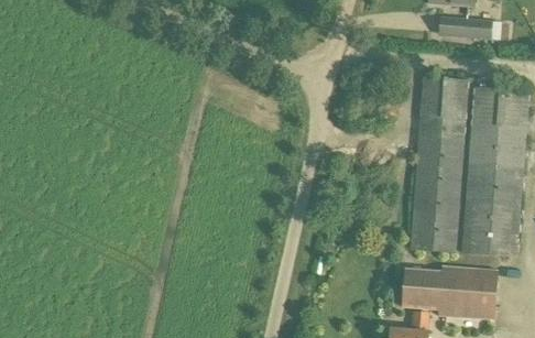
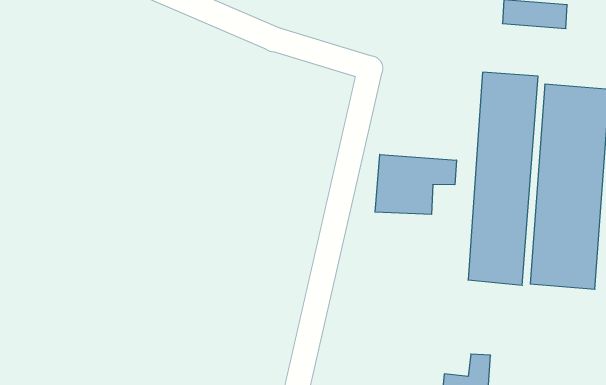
building: none -> [375,154,456,214]
building: [402,265,499,319] -> none

